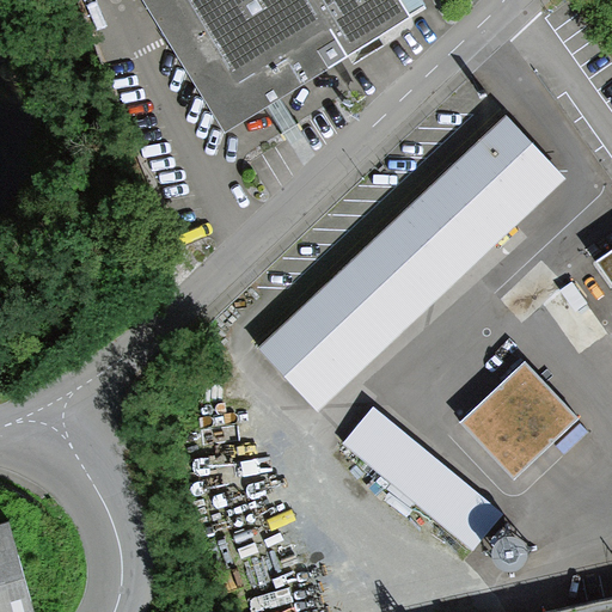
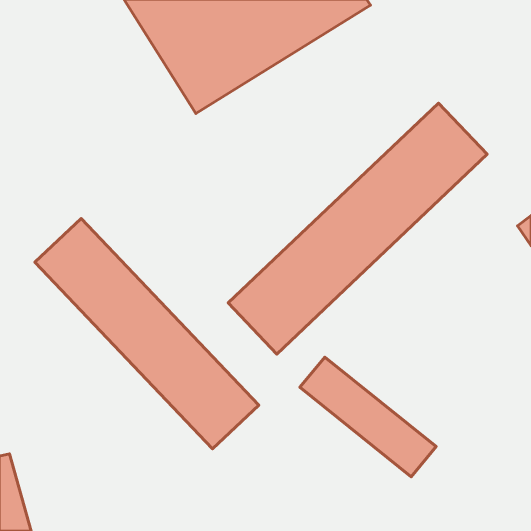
building: none -> [35,218,259,449]
building: [459,361,580,482] -> none

